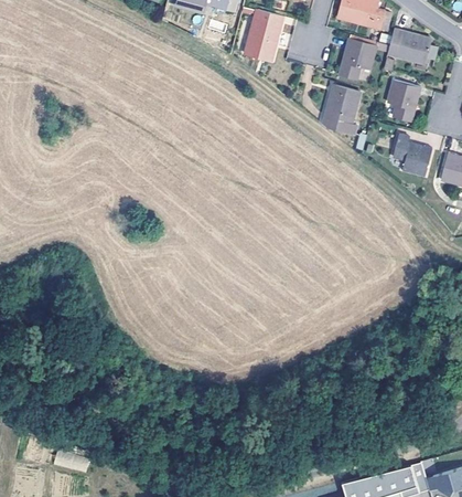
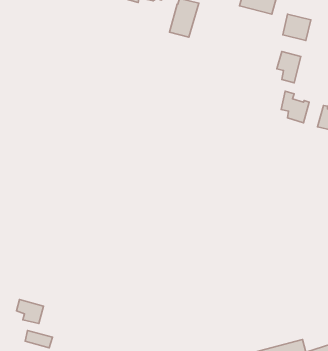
building: [340,39,376,77] -> none
building: [325,84,359,134] -> none
building: none -> [17,300,43,324]

